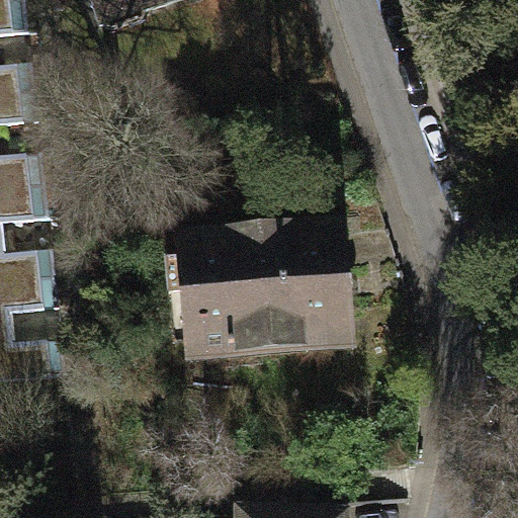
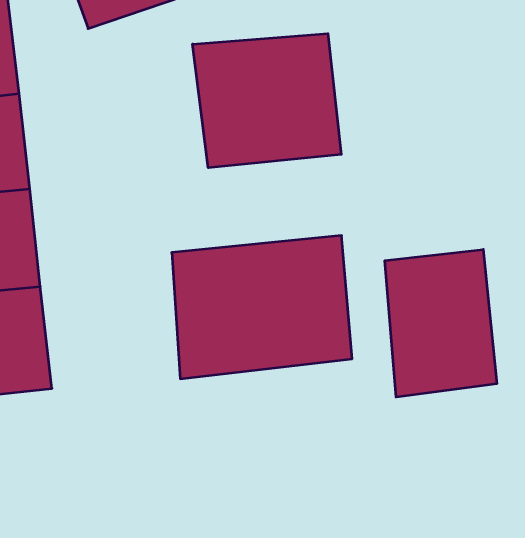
building: none -> [193,34,341,168]
building: none -> [385,249,497,397]

